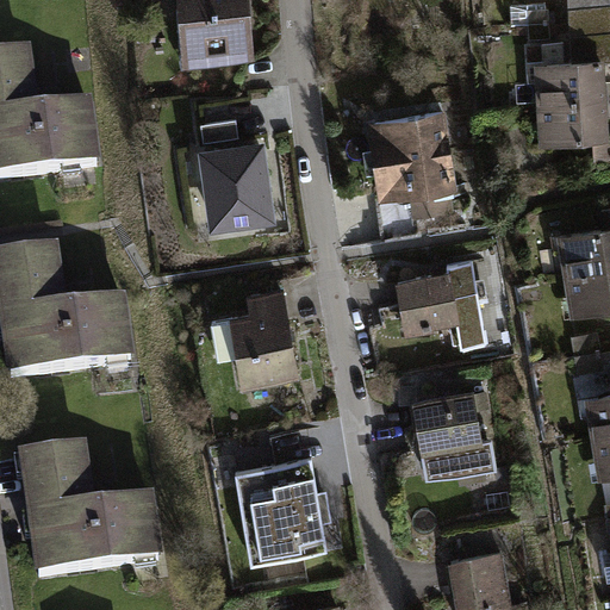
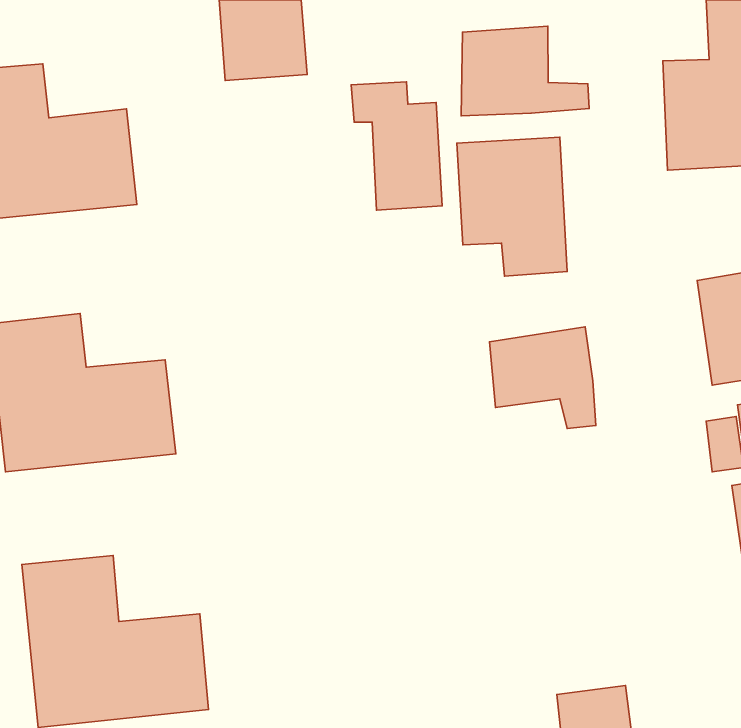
building: none -> [461,26,589,116]
building: [191,129,263,231] -> [351,82,442,210]
building: [205,293,303,380] -> none
building: [412,385,496,477] -> none
building: [231,463,320,565] -> none

